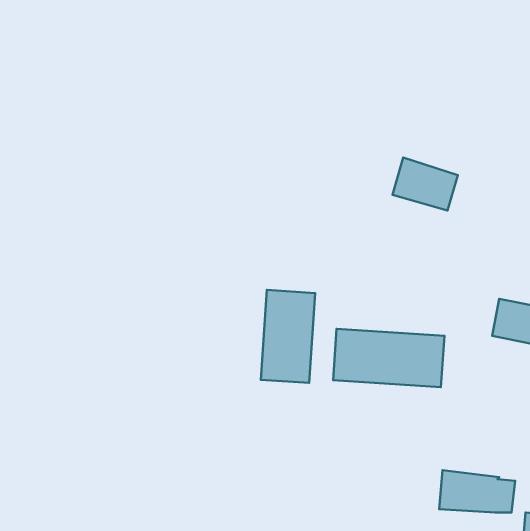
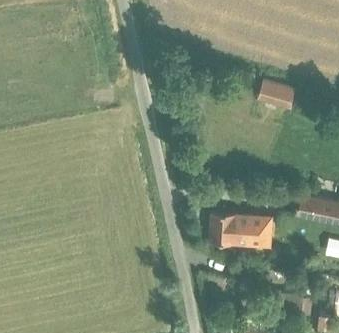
building: [393,158,458,211] -> [257,81,294,111]
building: [261,290,315,383] -> none

